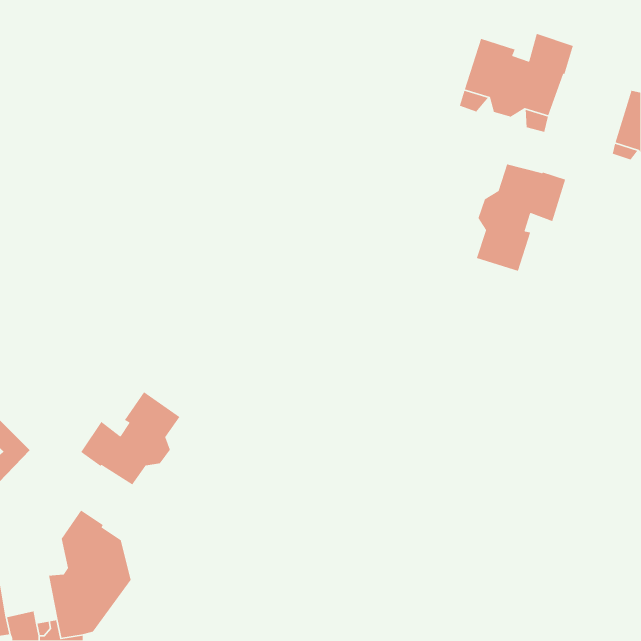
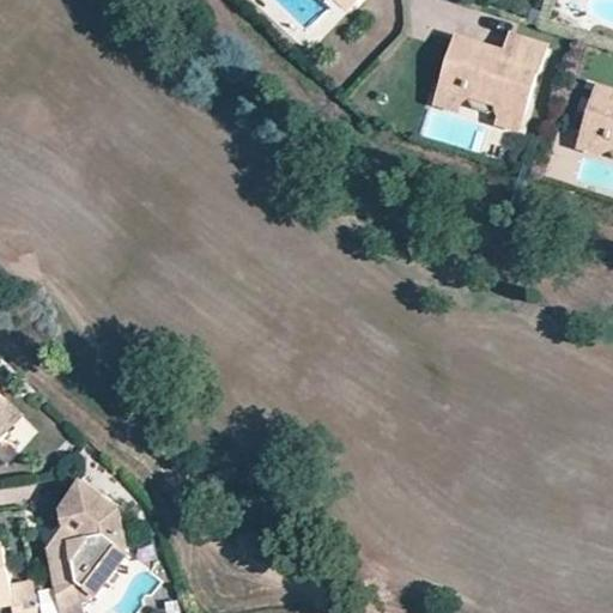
building: [476,164,566,272] -> none
building: [80,391,181,486] -> none

